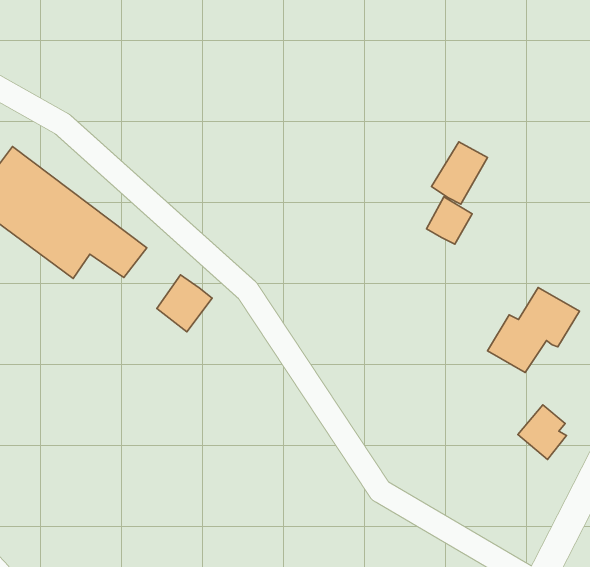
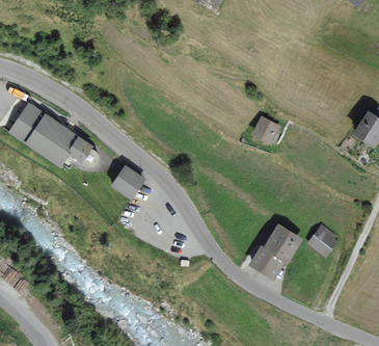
building: [431,142,488,204] -> none
building: [488,287,579,372] -> [251,228,299,273]

